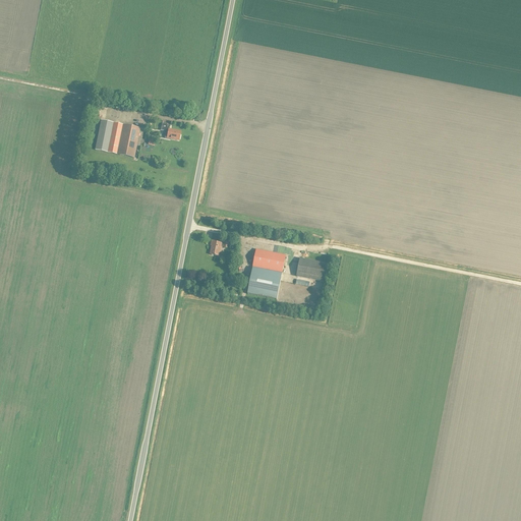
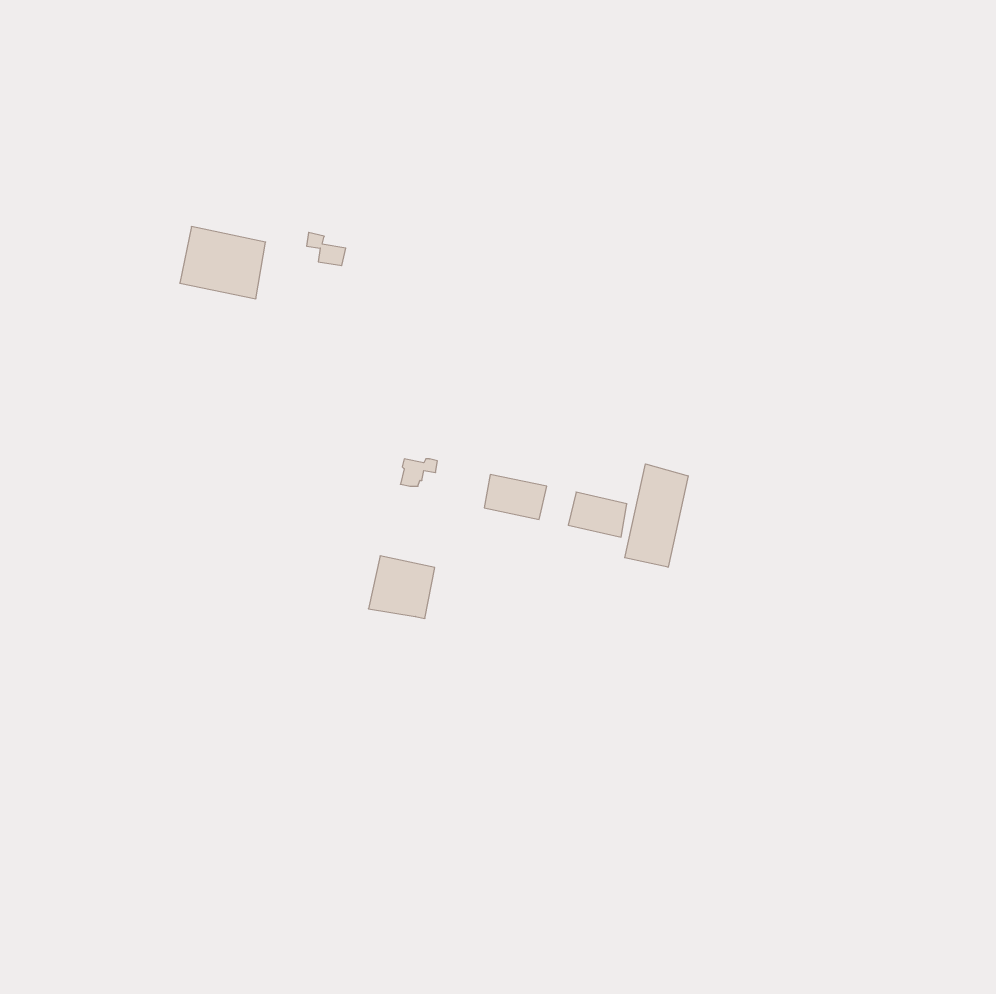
building: none -> [625,464,688,567]
building: [246,265,281,297] -> [368,556,435,618]

